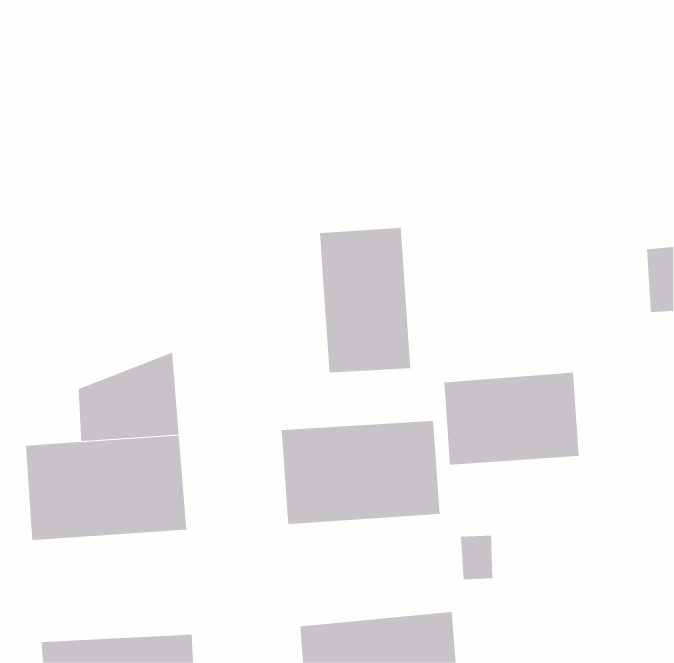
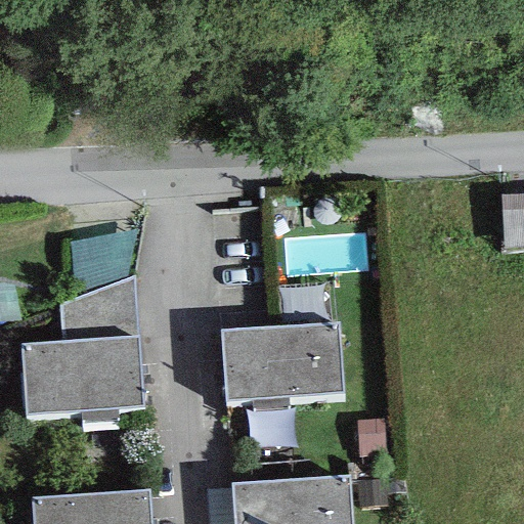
building: [319,227,411,373] -> none
building: [444,372,579,466] -> none

